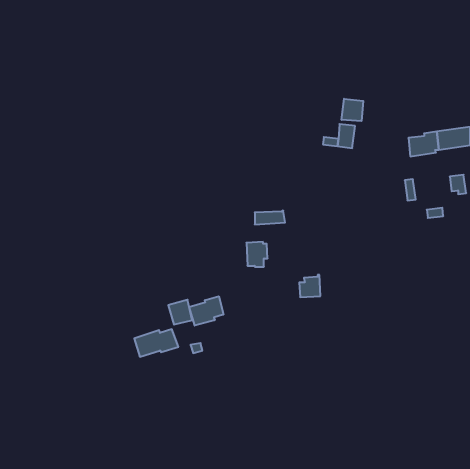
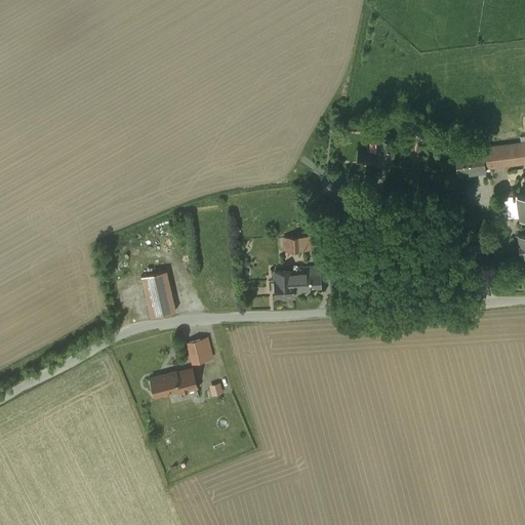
building: [342,99,363,121] -> none
building: none -> [143,271,175,317]
building: [299,275,320,297] -> [297,265,321,289]
building: [189,296,223,326] -> none

